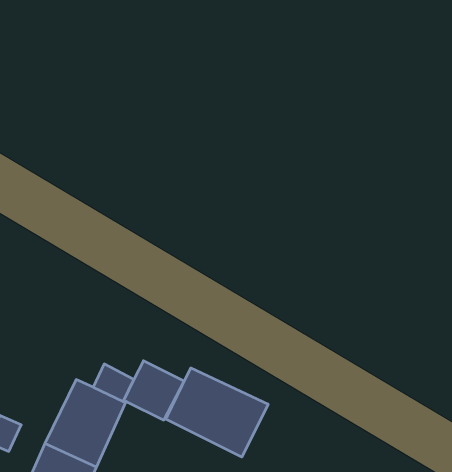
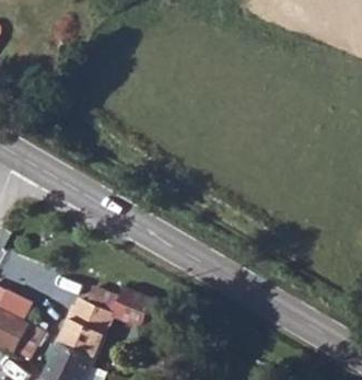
building: [165,368,268,457] -> none

